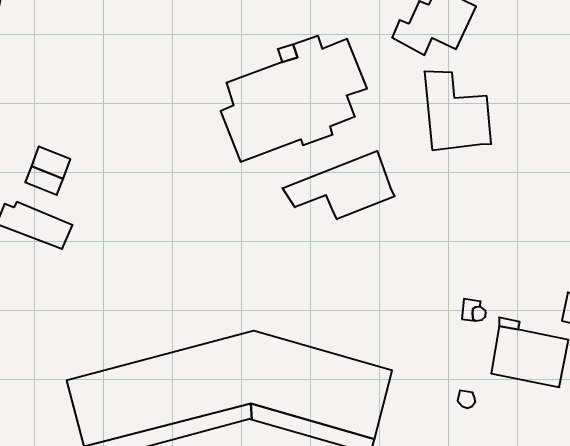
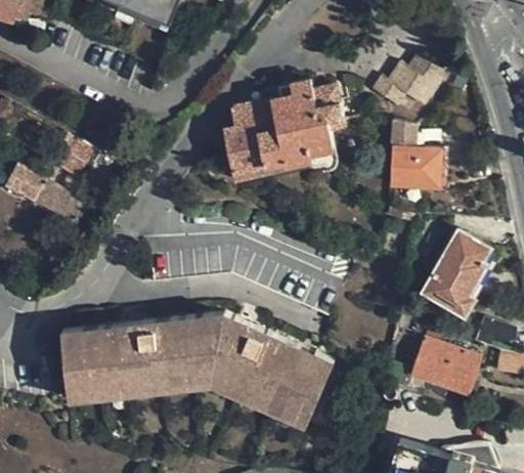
building: [282,151,395,219] -> none
building: none -> [424,233,490,317]

